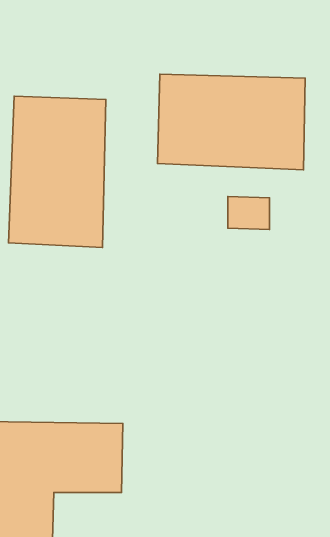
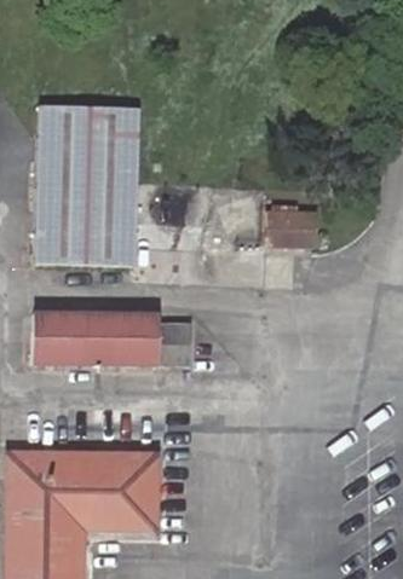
building: [157,74,305,170] -> none
building: none -> [33,312,191,364]

